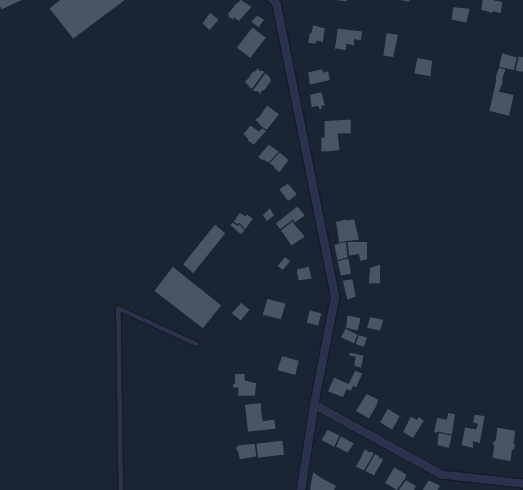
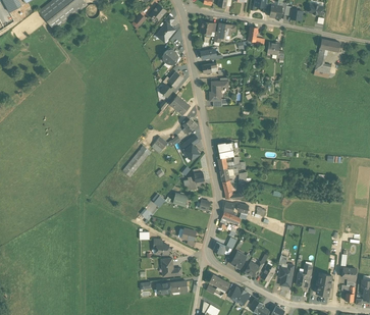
building: [154,266,222,329] -> none

